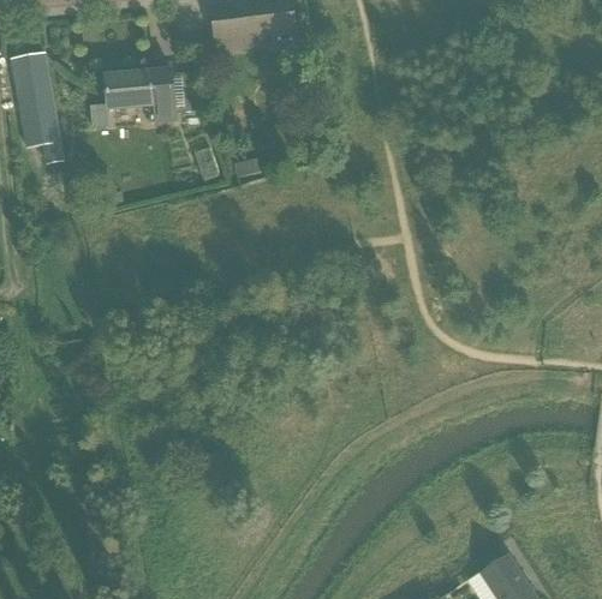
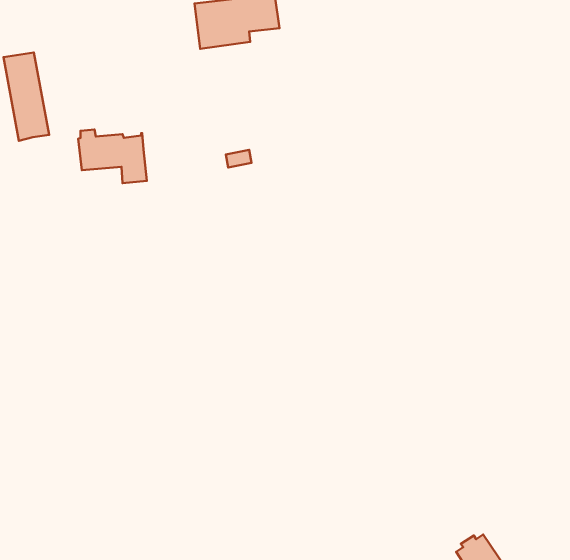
building: [103,66,174,121] -> [78,130,147,183]

